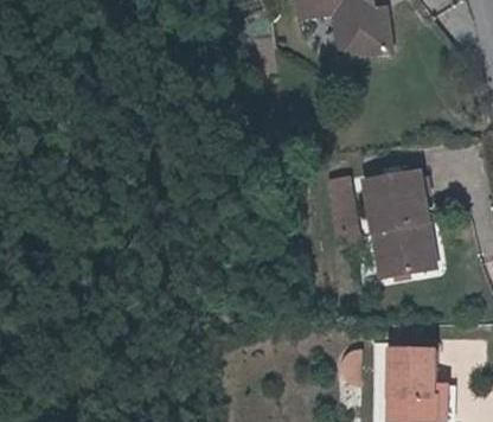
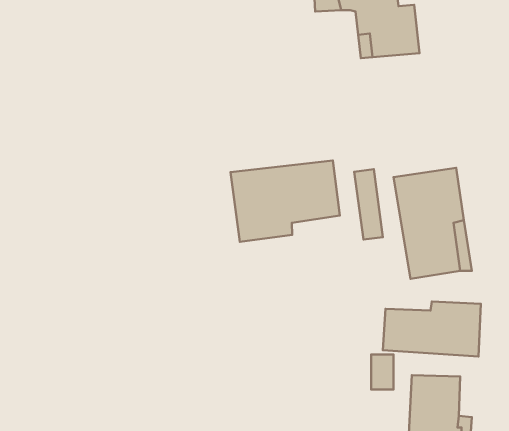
building: none -> [230,160,340,242]
building: none -> [383,301,481,356]

